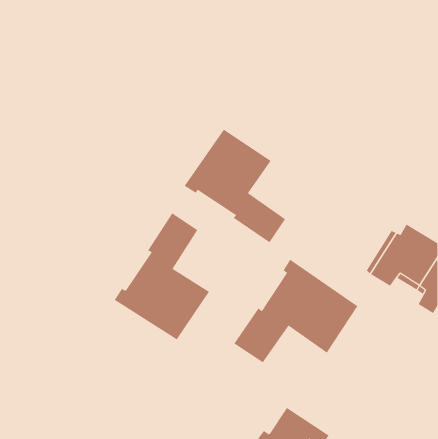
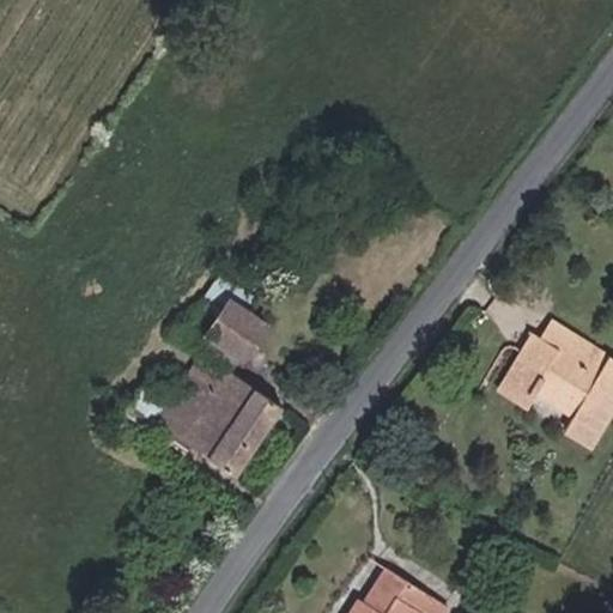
building: [184,129,286,243] -> none
building: [234,259,358,363] -> none

